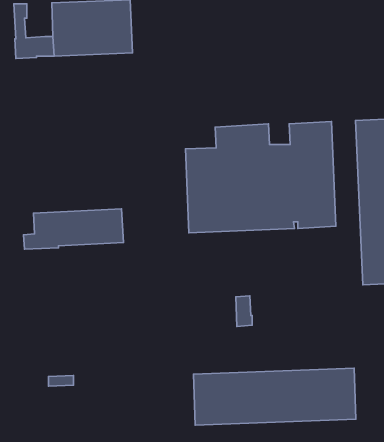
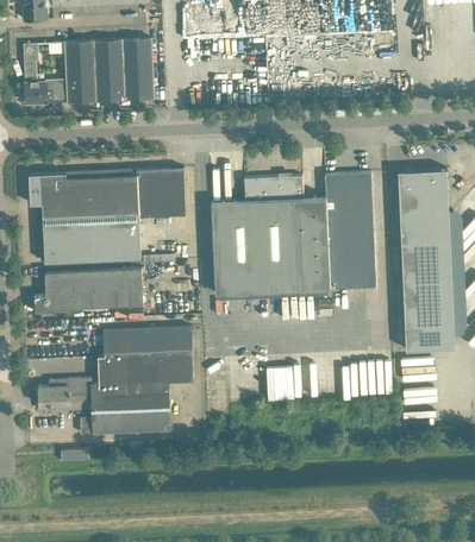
building: none -> [29,168,185,263]
building: none -> [33,326,193,434]
building: [193,368,356,425] -> none

